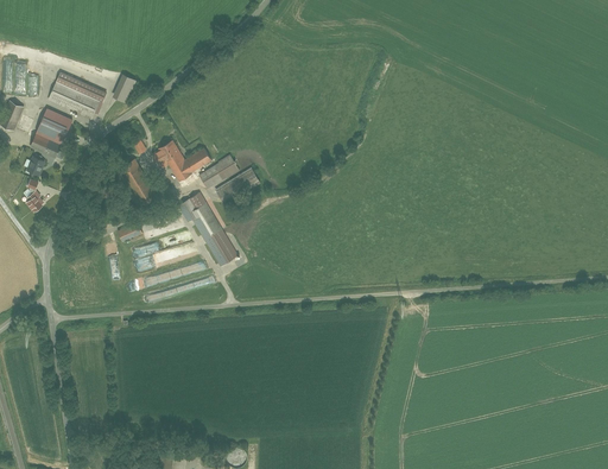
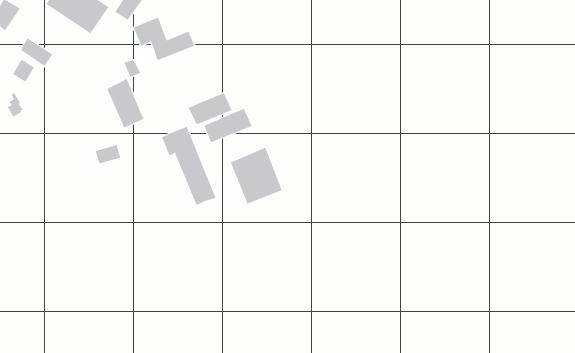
building: [34,106,74,145] -> none
building: [151,138,213,179] -> [133,17,195,61]
building: none -> [230,147,282,205]

